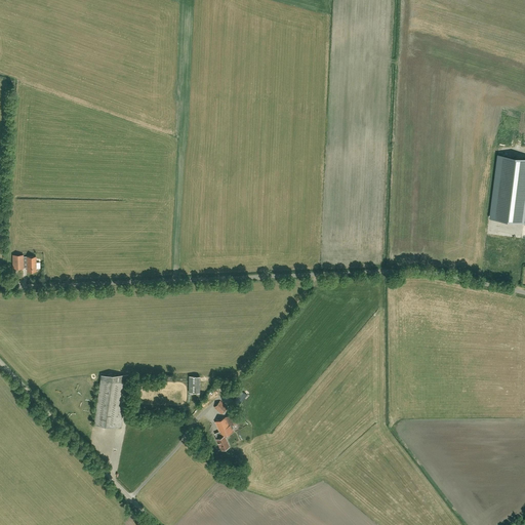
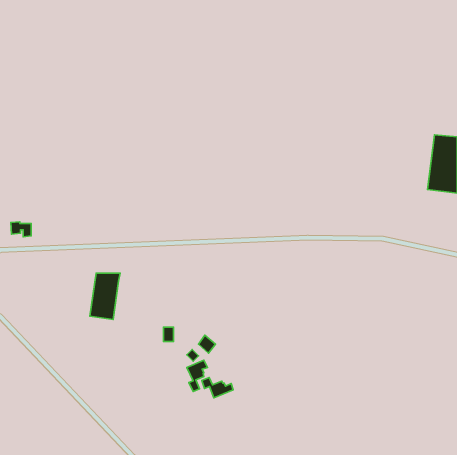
building: [94,376,129,430] -> [90,273,120,320]
building: none -> [202,378,233,398]

